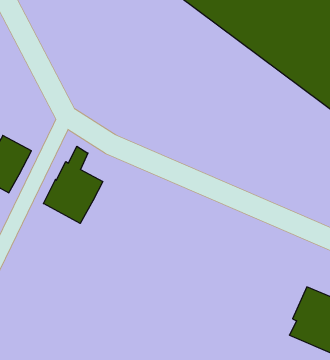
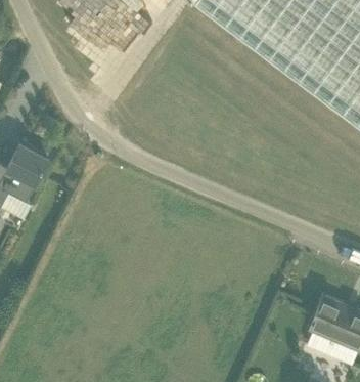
building: [43,146,103,223] -> none

